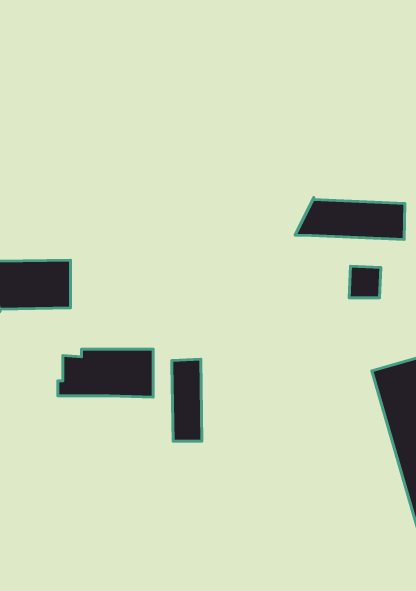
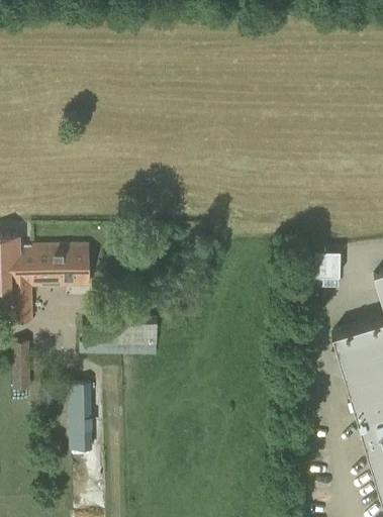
building: [295,198,405,240] -> none
building: [172,359,202,441] -> [69,383,93,448]

